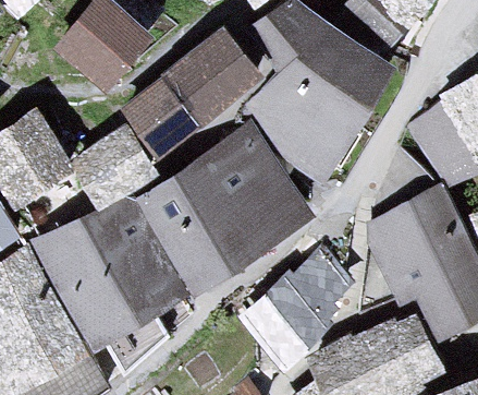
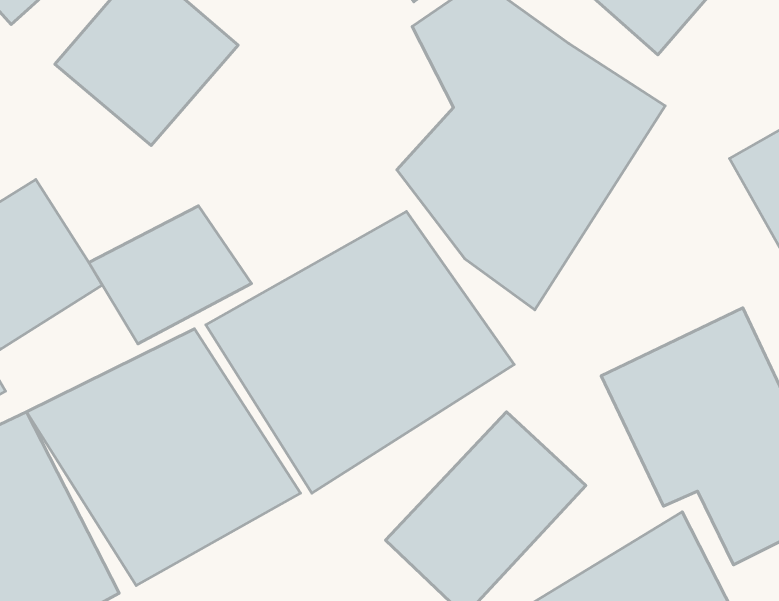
building: [118,27,263,161] -> none

